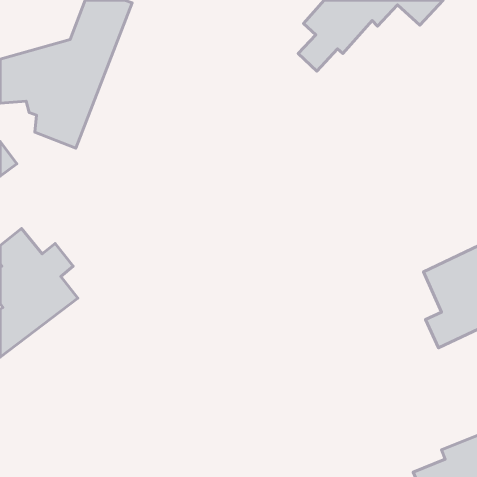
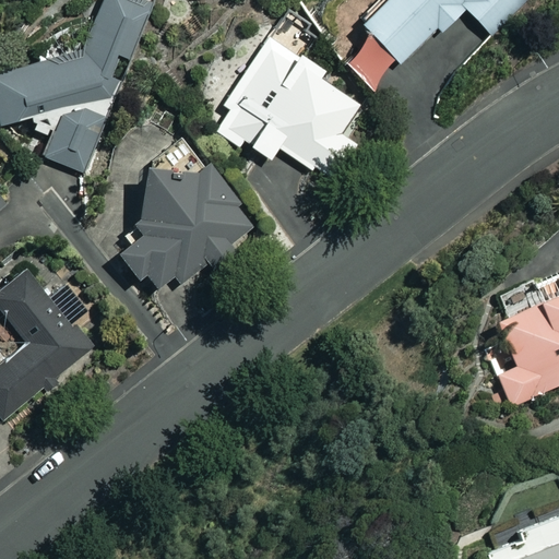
building: none -> [212,39,360,178]
building: none -> [116,158,253,289]

